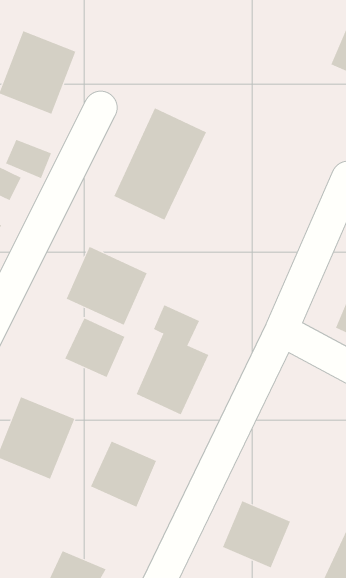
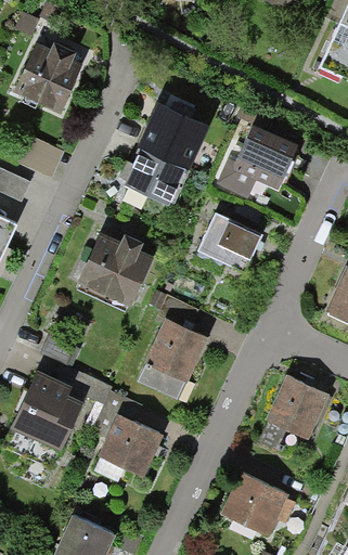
building: none -> [218,127,297,195]
building: none -> [196,216,259,275]
building: [64,318,125,378] -> none
building: none -> [268,378,328,439]

